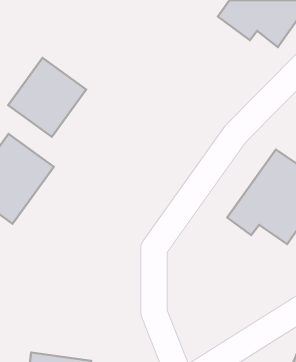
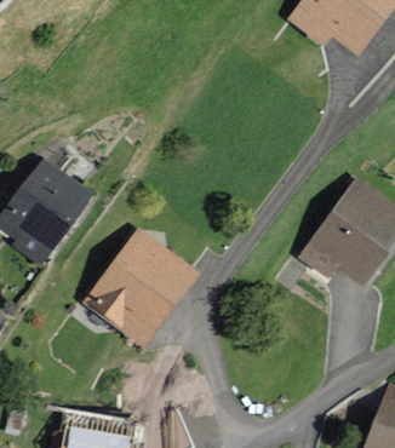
building: [8,58,86,137] -> none
building: none -> [87,230,198,341]

